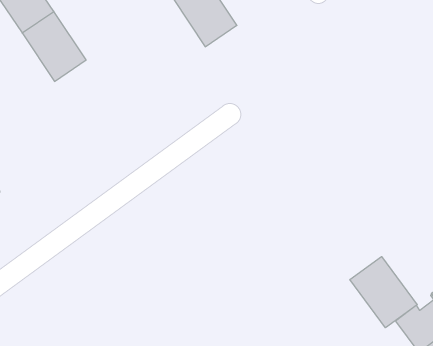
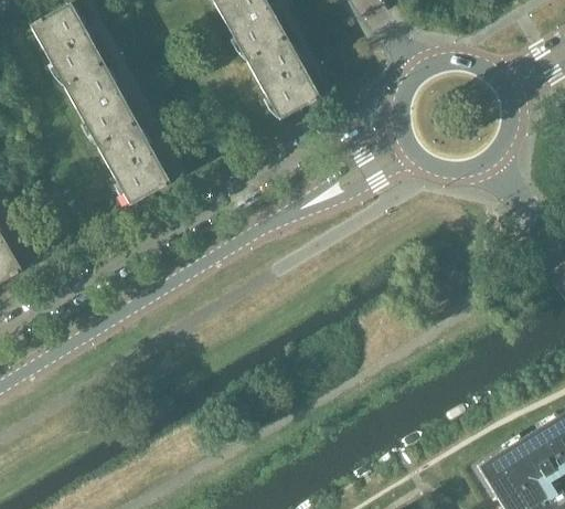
building: none -> [98,125,171,206]
building: [350,257,417,328] -> none

